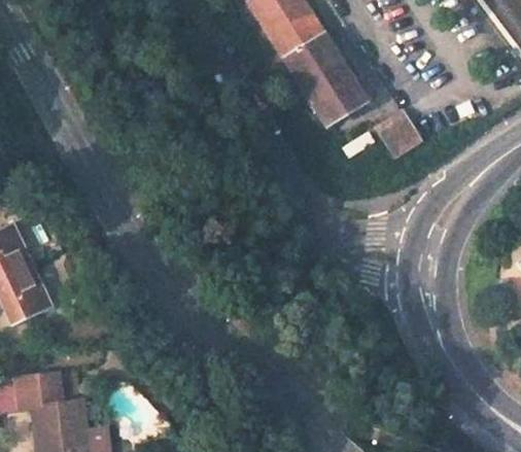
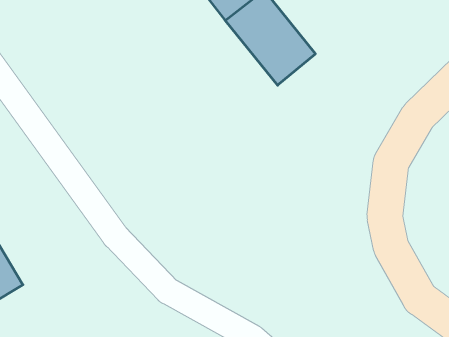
building: [377,112,425,160] -> none

